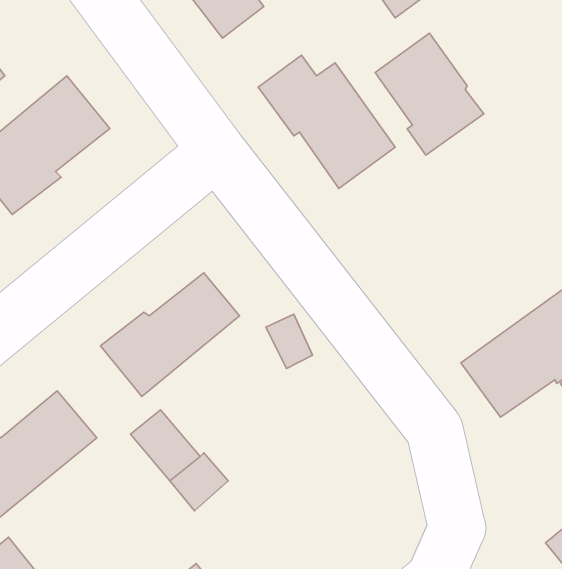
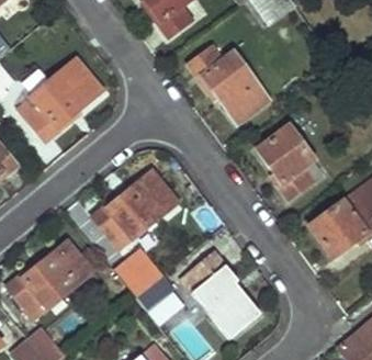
building: [375,33,484,155] -> [257,125,320,196]
building: none -> [180,254,258,338]

